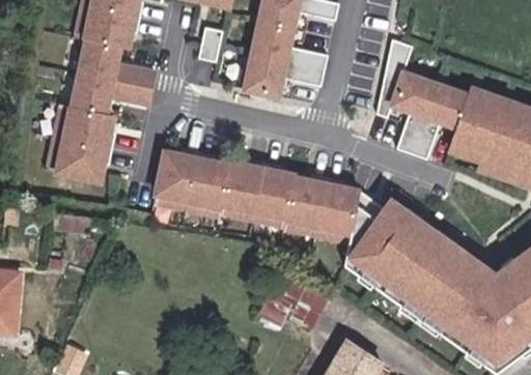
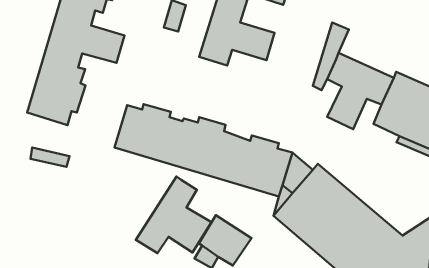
building: none -> [136,176,211,253]

